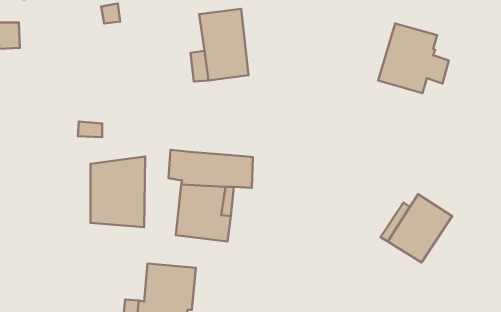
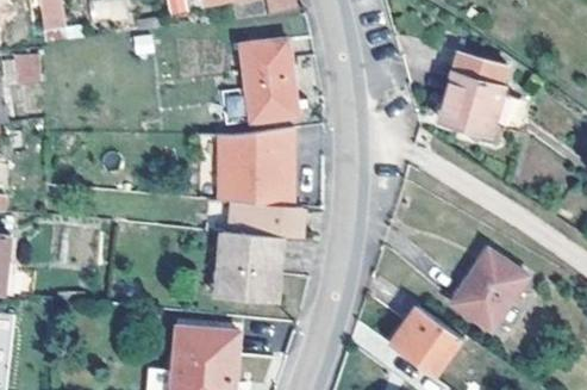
building: [90,157,145,227] -> [230,128,292,208]
building: none -> [389,309,460,378]

